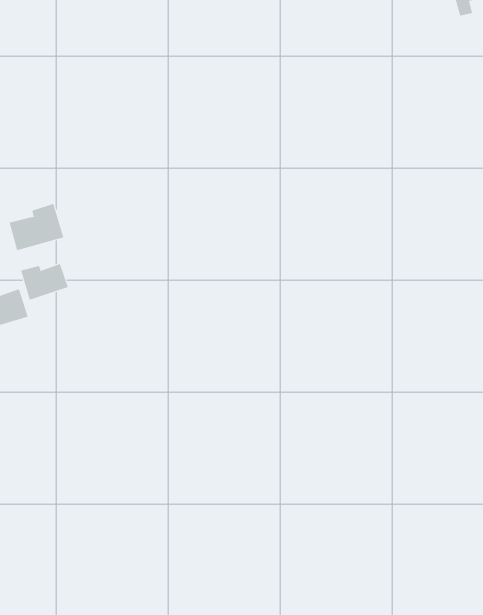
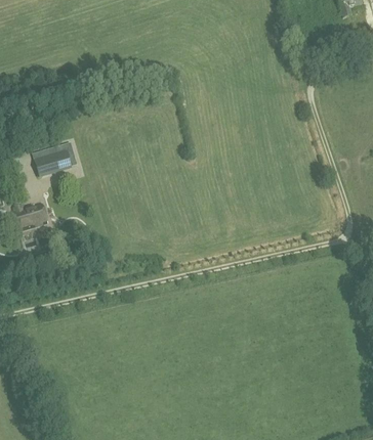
building: [20,263,68,300] -> none

